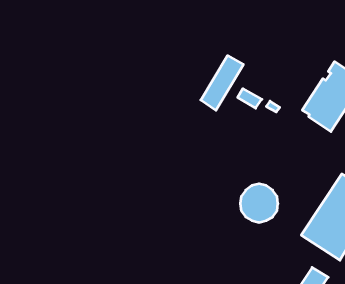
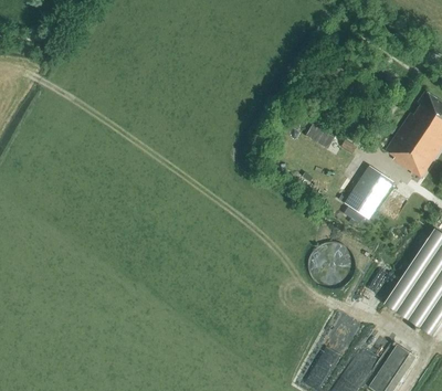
building: [201,56,243,110] -> none
building: none -> [345,166,392,218]

